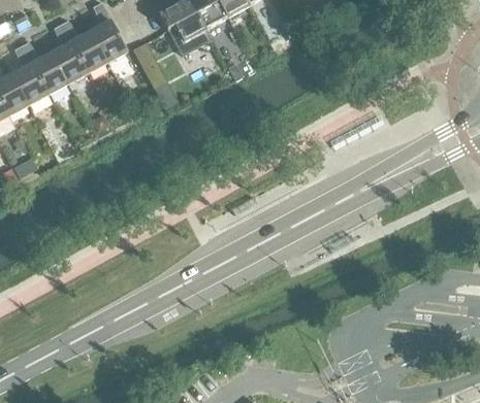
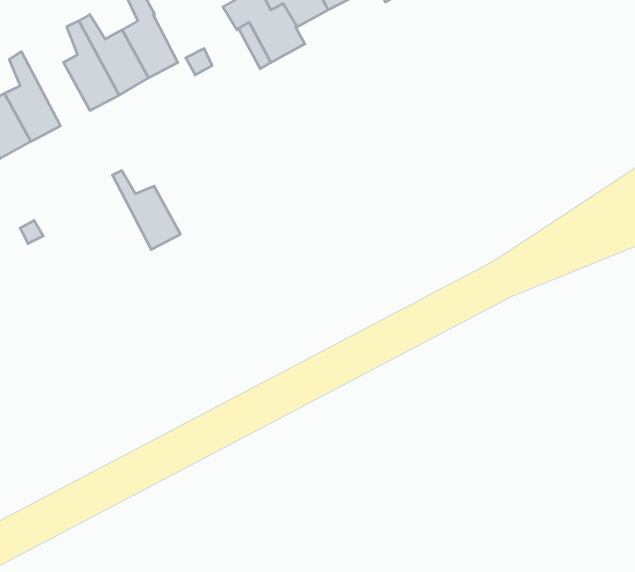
building: [22,41,67,94] -> [112,171,180,250]

